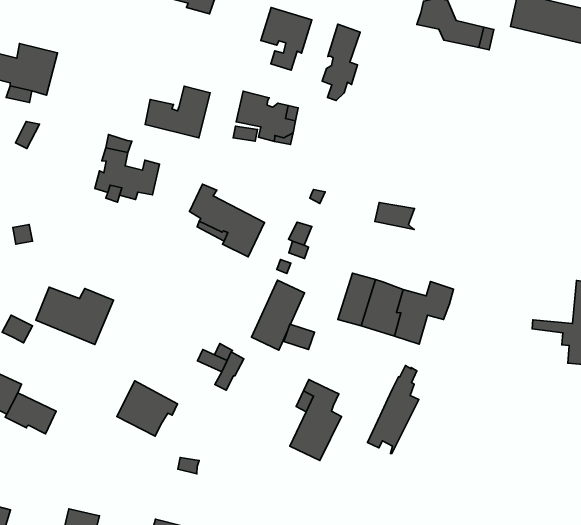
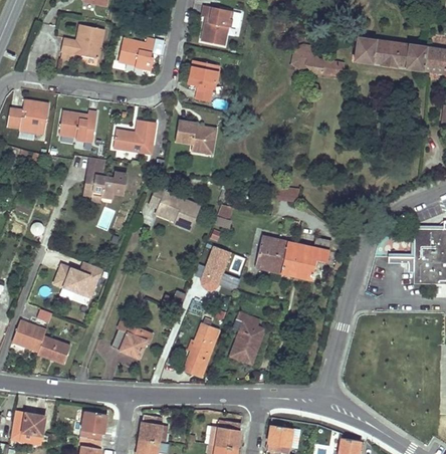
building: [322,24,360,101] -> none
building: none -> [59,109,97,140]
building: [367,365,419,454] -> [184,316,216,377]

